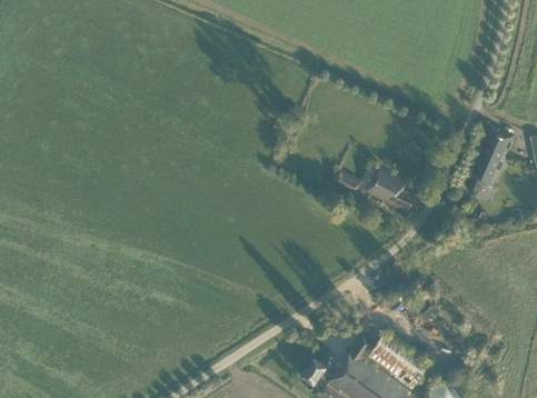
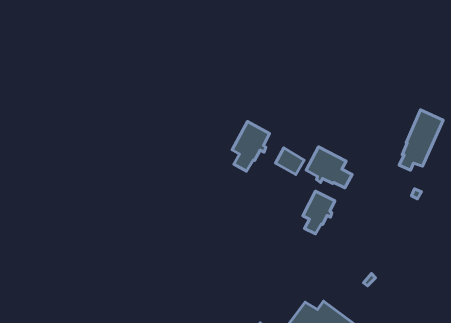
building: none -> [232,122,270,171]
building: none -> [303,191,335,234]

